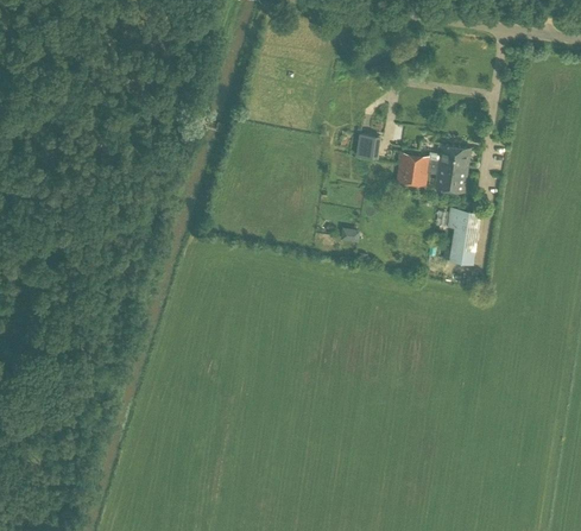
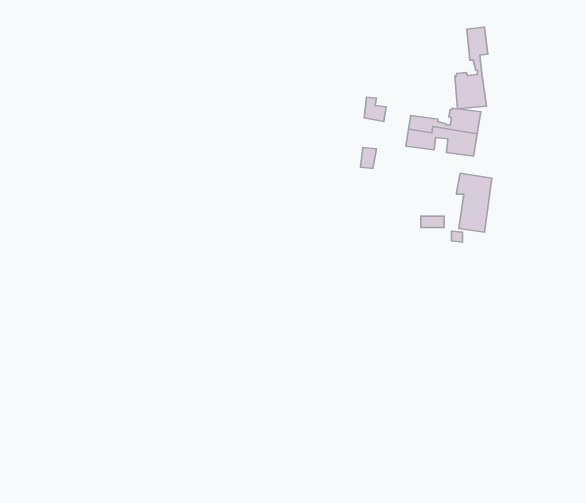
building: none -> [455,27,488,109]

